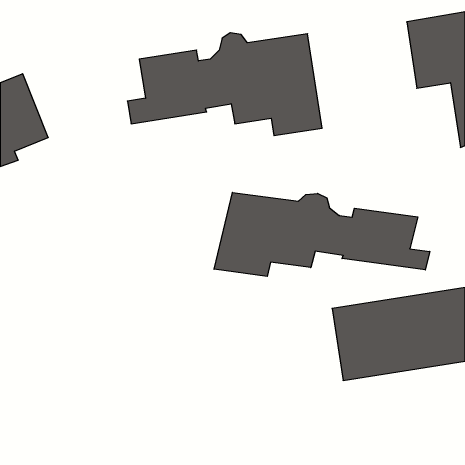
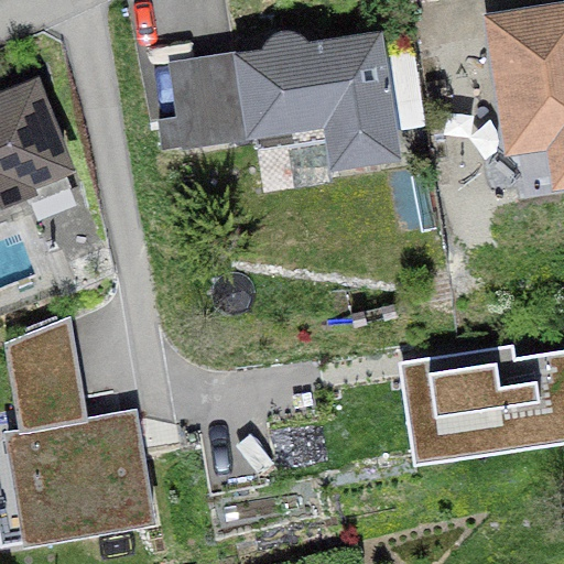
building: [214,192,430,276] -> none
building: none -> [7,316,160,545]

